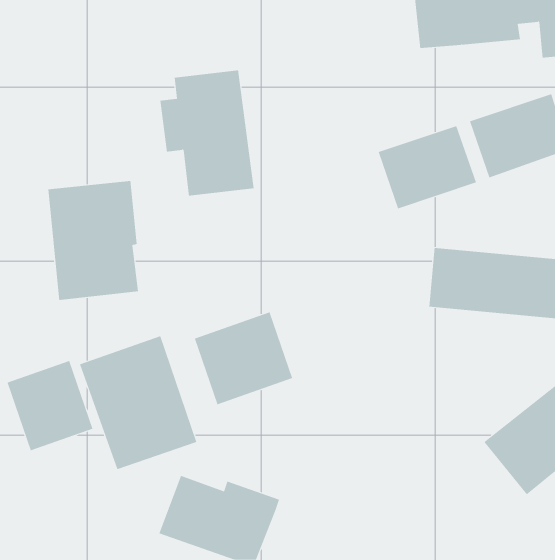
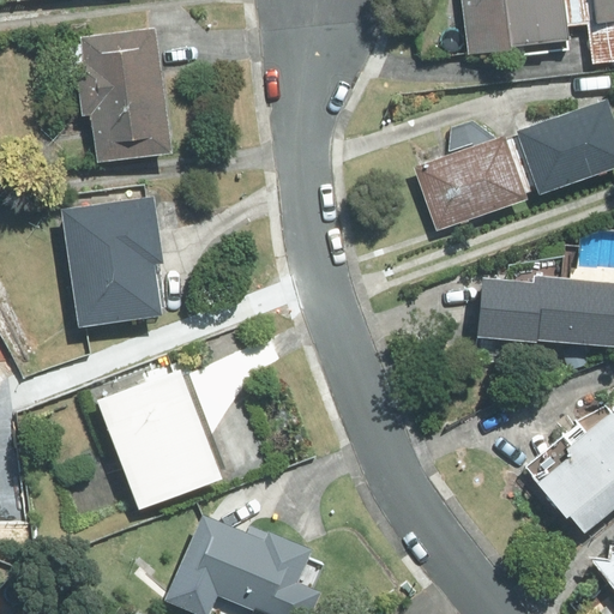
building: [160,70,254,196] -> [66,28,169,165]
building: [194,312,293,405] -> none
building: [7,360,93,451] -> none

